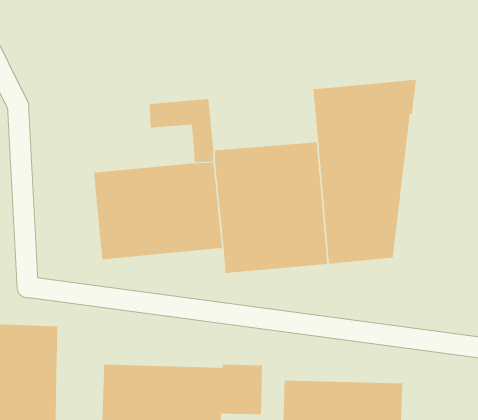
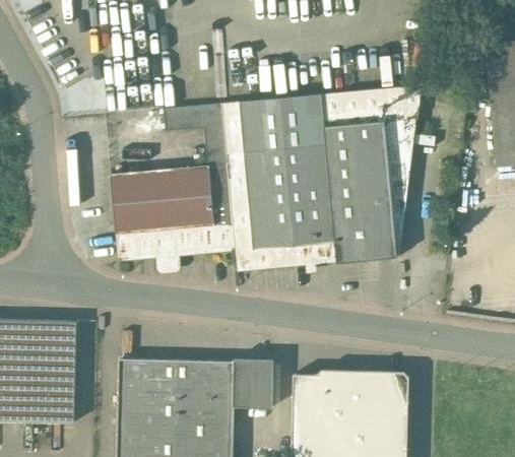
building: none -> [221,93,326,152]

